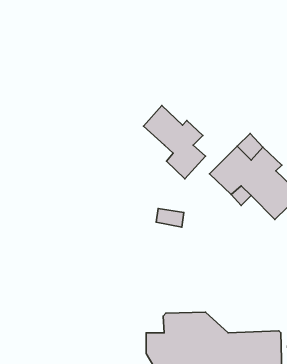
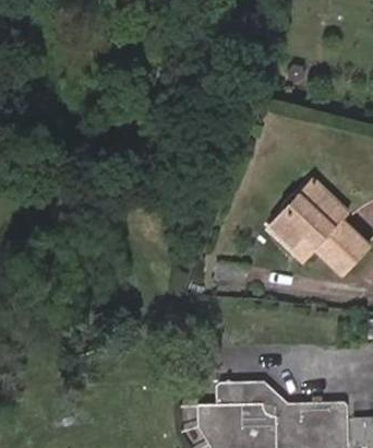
building: [144,105,205,179] -> none

